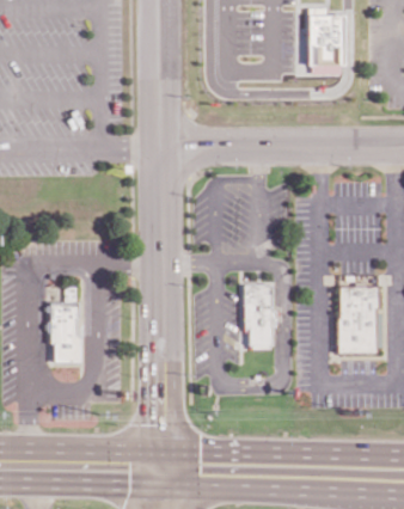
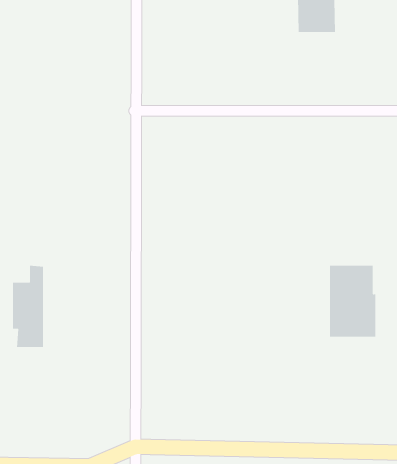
building: [241,284,271,349] -> none

